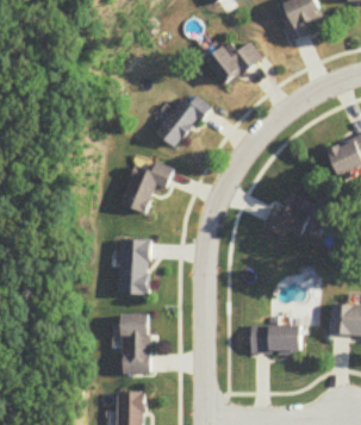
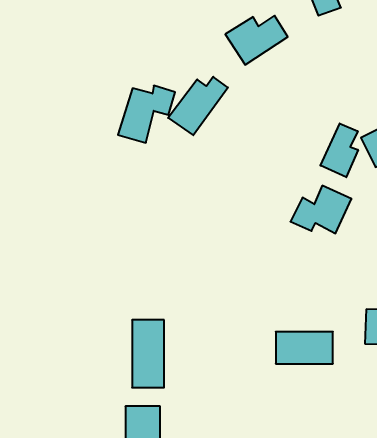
building: none -> [320,123,358,177]
building: [120,162,172,213] -> [118,86,175,143]
building: [118,239,149,295] -> none

